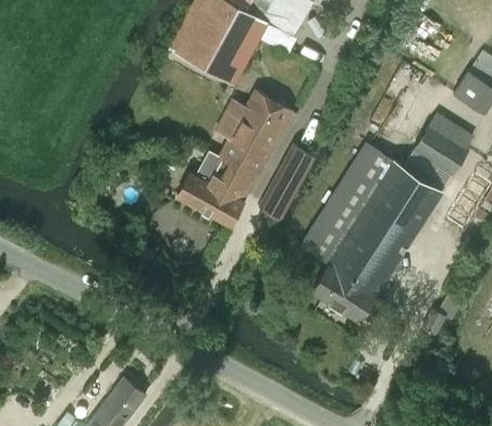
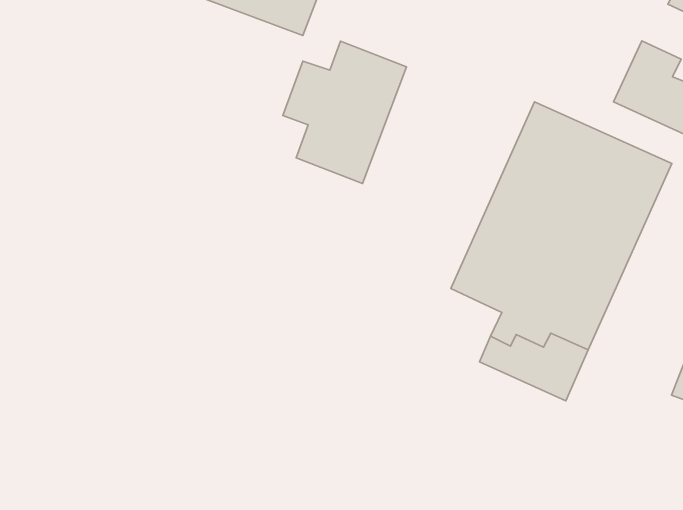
building: [259,145,315,217] -> none
building: [176,155,256,226] -> none

